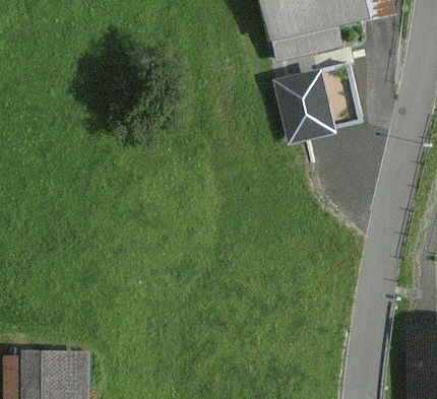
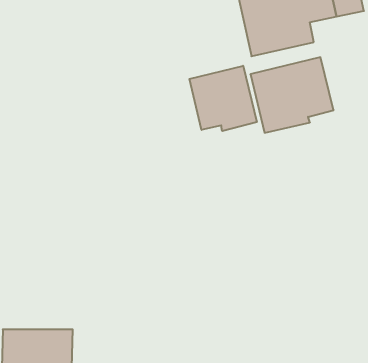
building: none -> [189,66,257,131]

